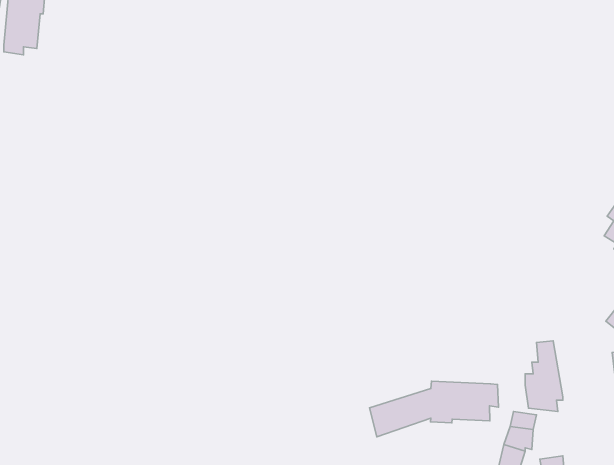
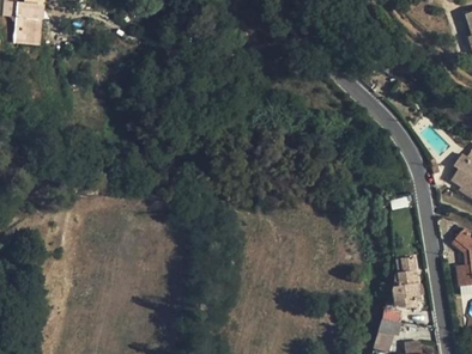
building: [370,381,498,437] -> none

